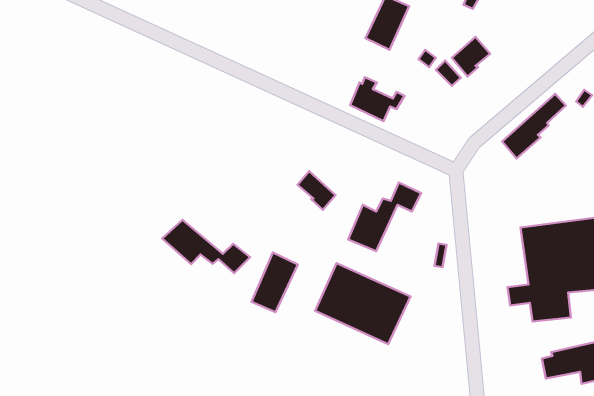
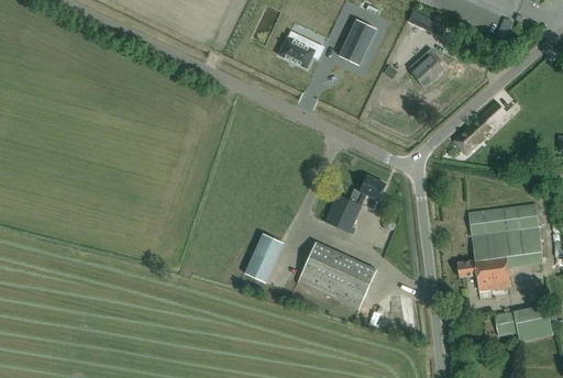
building: [350,77,405,121] -> [279,32,324,68]
building: [298,171,336,210] -> none
building: [162,220,250,273] -> none

